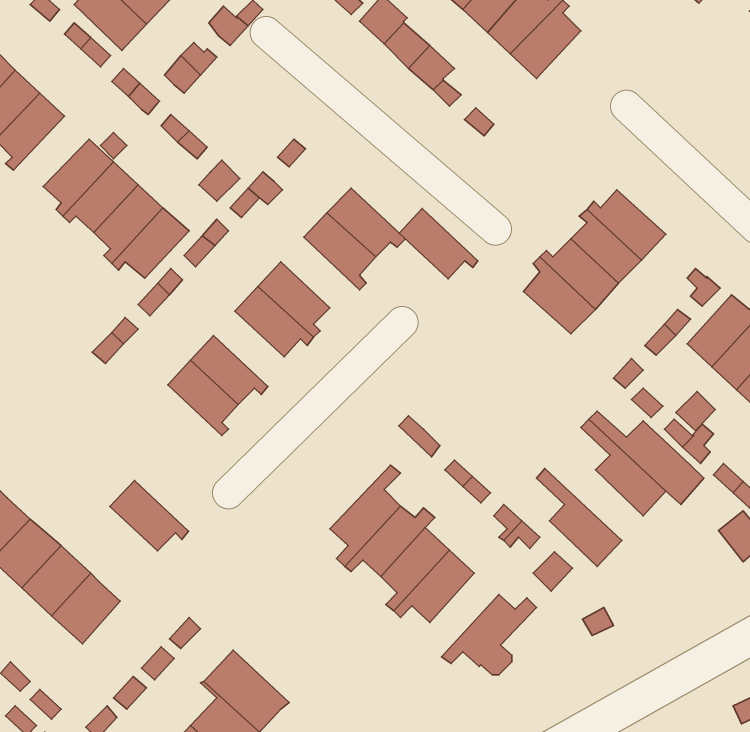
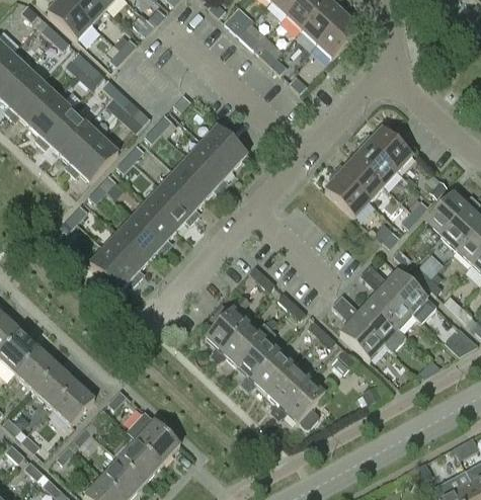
building: none -> [10,81,57,124]
building: [399,209,478,279] -> [175,156,224,199]
building: none -> [134,201,177,248]
building: none -> [338,294,408,351]
building: [110,480,189,551] -> [90,247,139,290]
building: none -> [267,356,310,415]
building: none -> [53,381,95,424]

